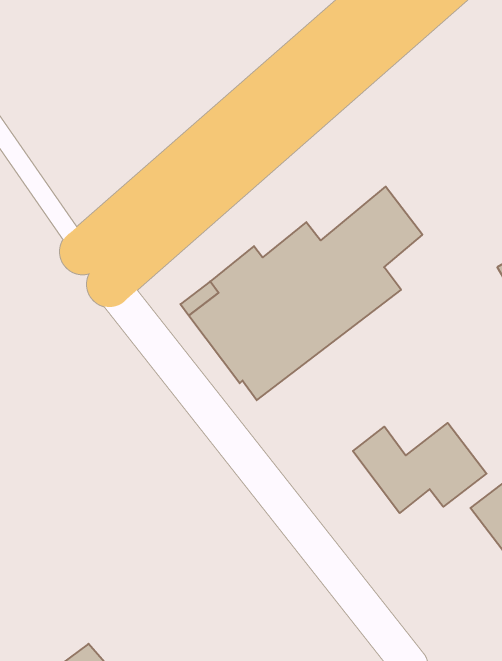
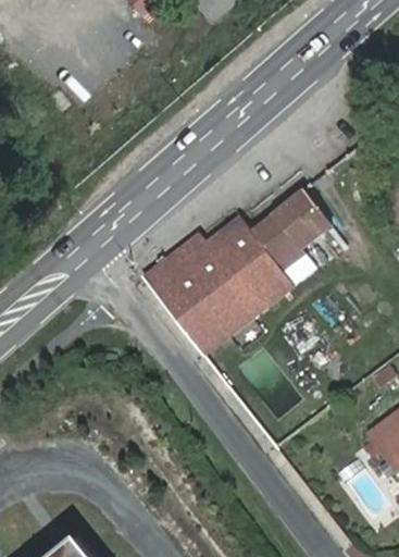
building: [353,423,487,513] -> none

